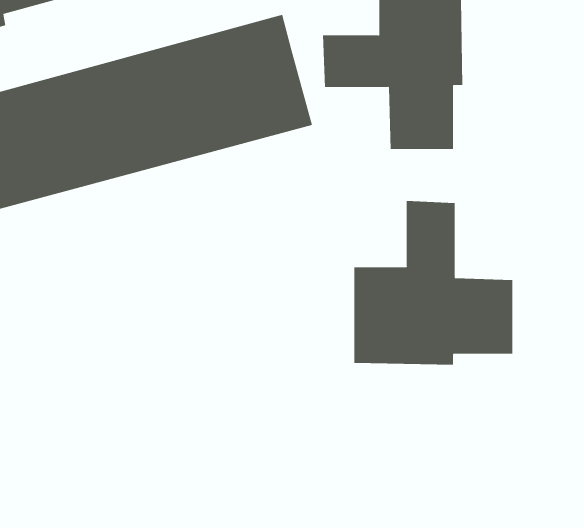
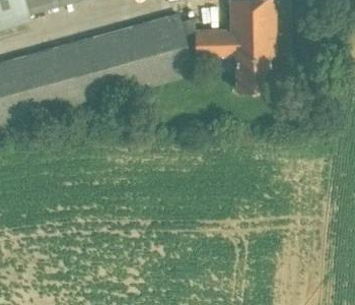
building: [354,200,513,366] -> none

